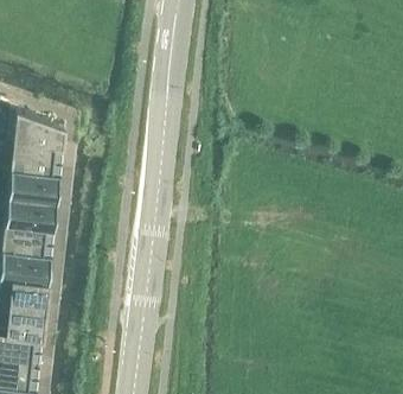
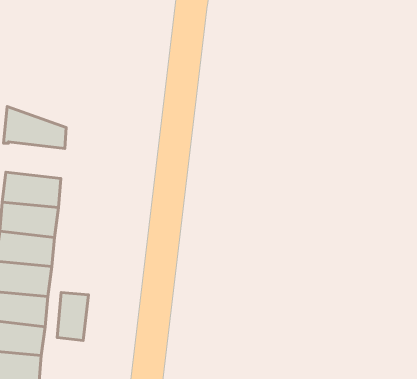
building: [9,139,63,172] -> none
building: none -> [57,292,88,340]

